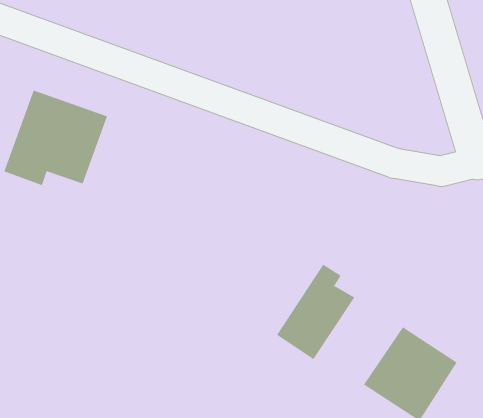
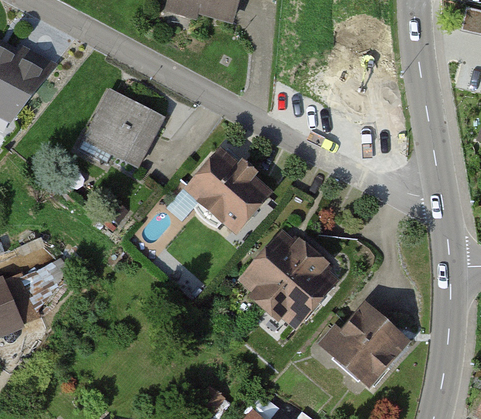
building: none -> [188,155,266,230]
building: none -> [242,236,311,302]

